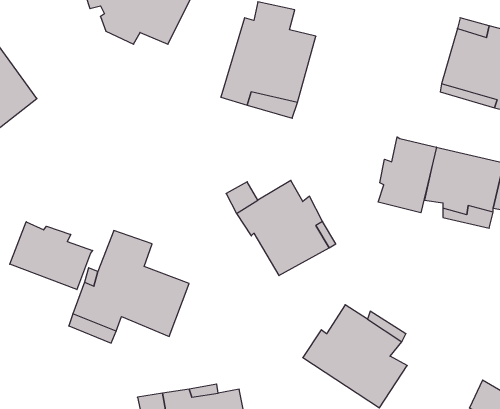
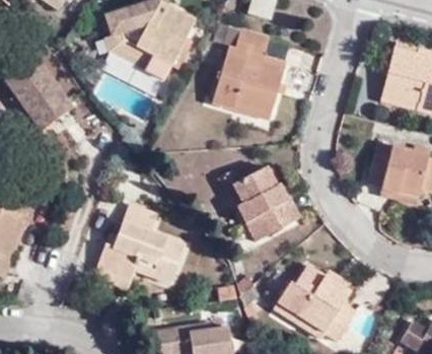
building: none -> [103,33,171,79]
building: [378,137,436,213] -> none
building: [10,222,93,290] -> none

